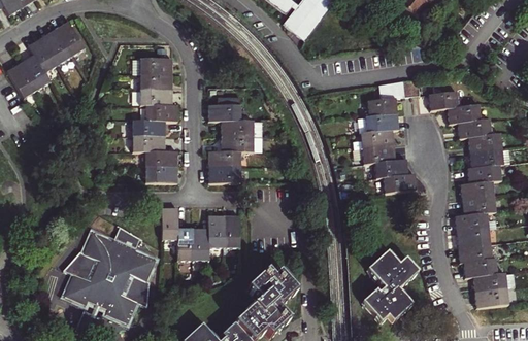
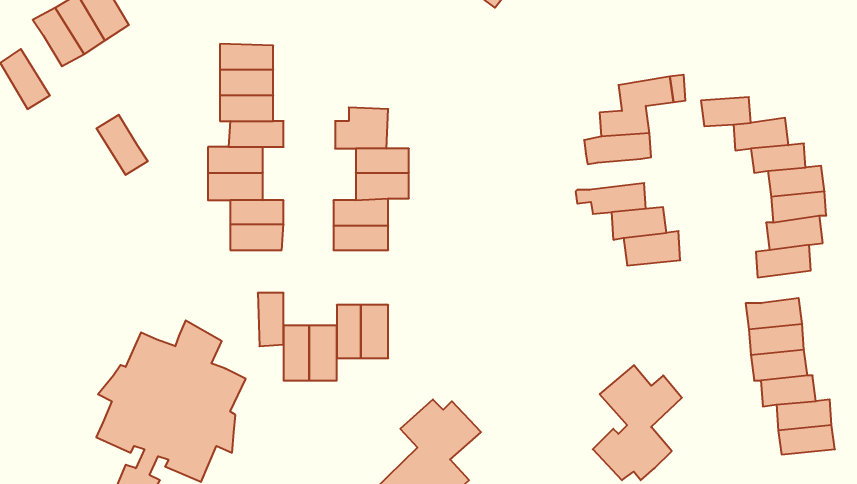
building: [20,55,51,91] -> [96,115,148,175]
building: [353,129,394,147] -> none
building: [462,196,496,215] -> none

